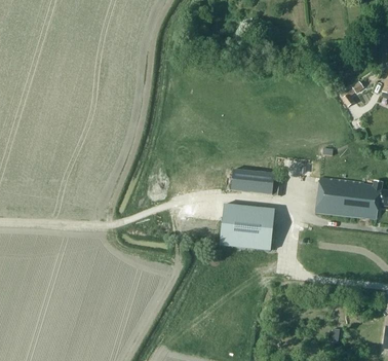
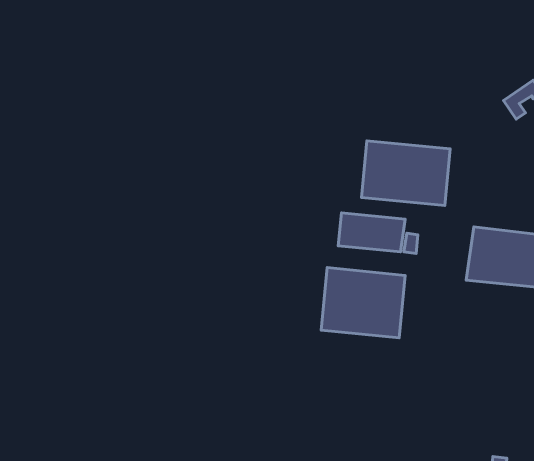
building: none -> [361,141,450,206]

